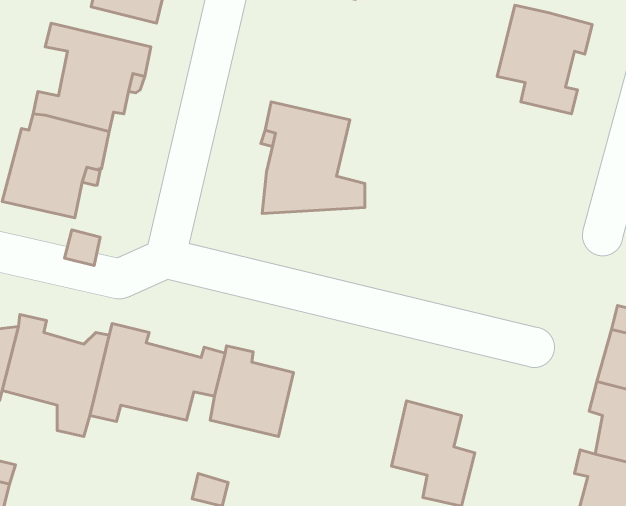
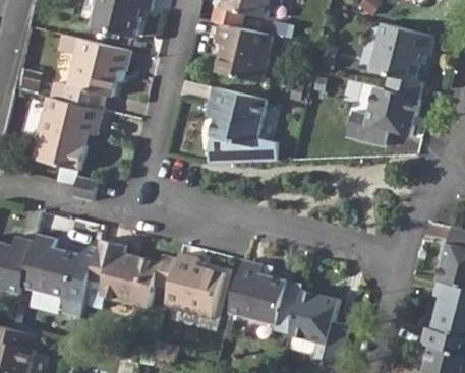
building: none -> [212,24,272,83]
building: none -> [344,85,417,142]
building: none -> [234,259,294,324]

